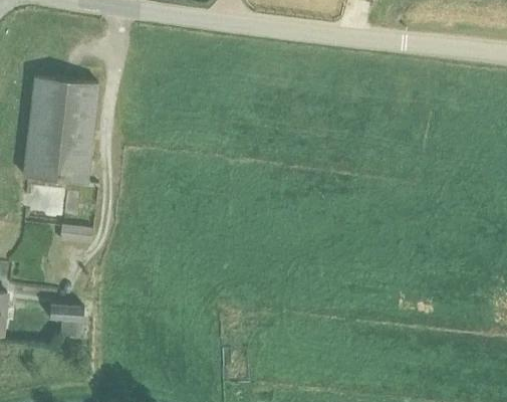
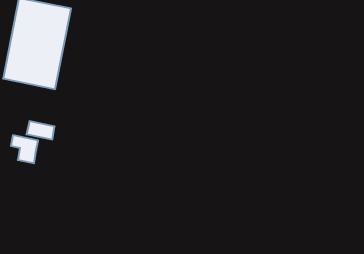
building: [50,306,82,337] -> [11,135,38,163]

